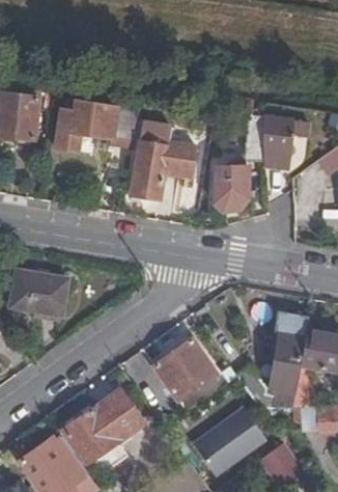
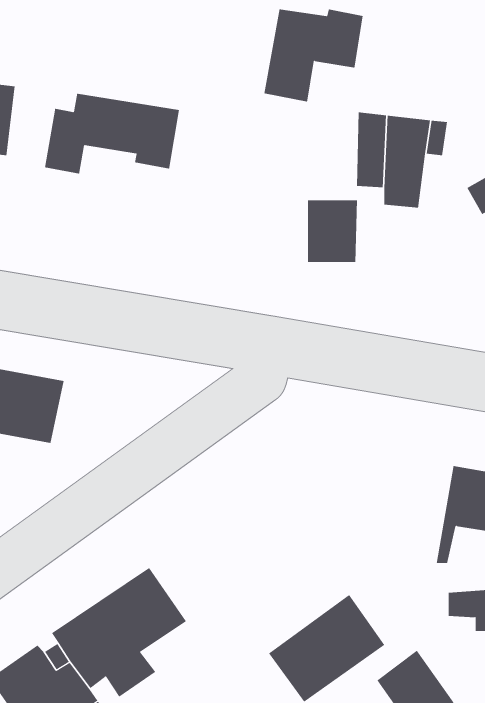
building: [133,141,194,198] -> [264,9,364,102]
building: [236,311,307,407] -> none
building: [154,339,215,399] -> none

